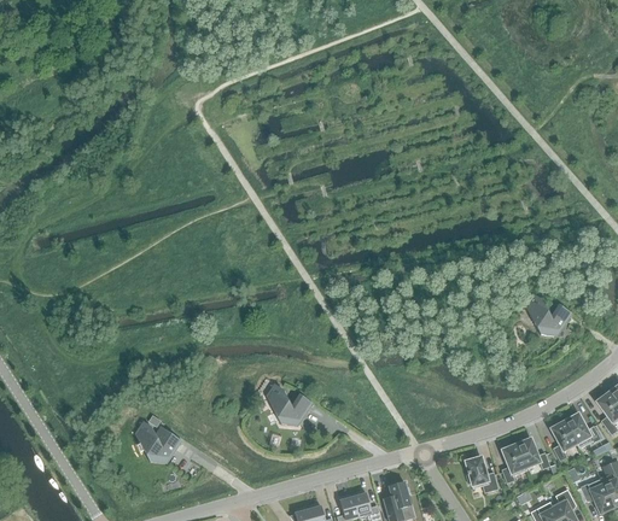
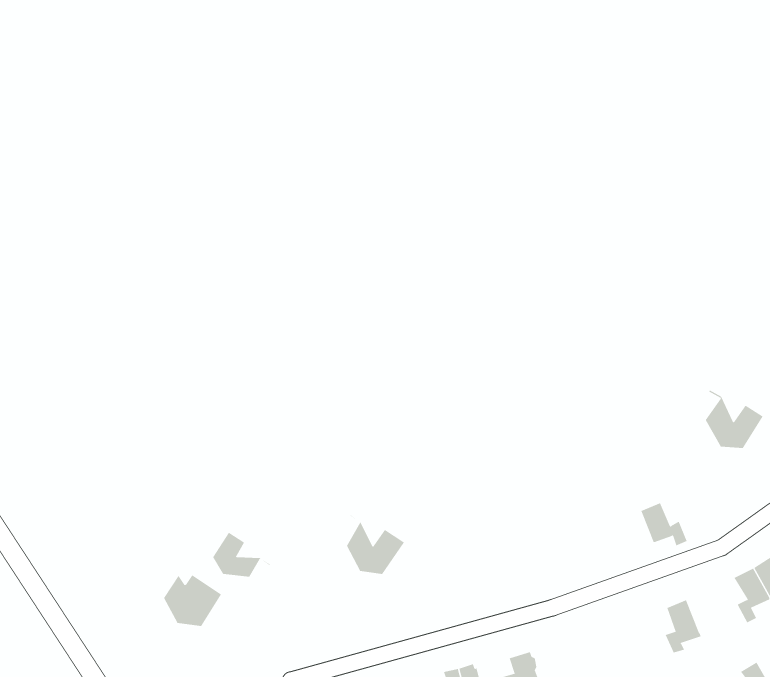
building: none -> [212,532,270,578]
building: [515,437,549,468] -> [640,502,687,546]
building: [464,455,497,491] -> none

